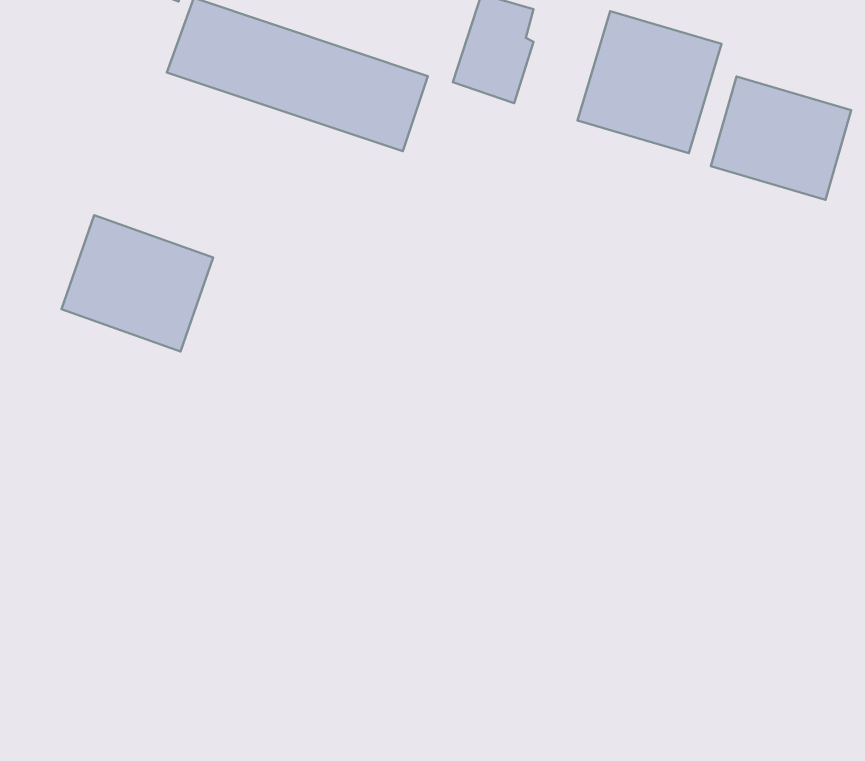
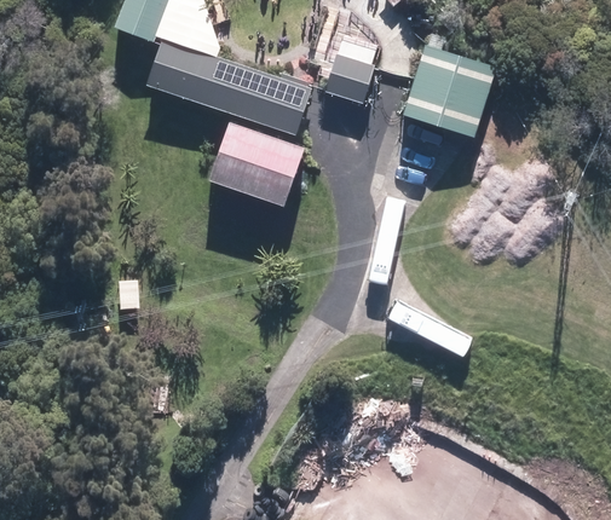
building: [711,76,851,200] -> none
building: [61,215,213,351] -> [209,121,305,207]

